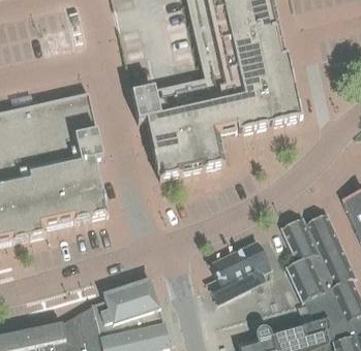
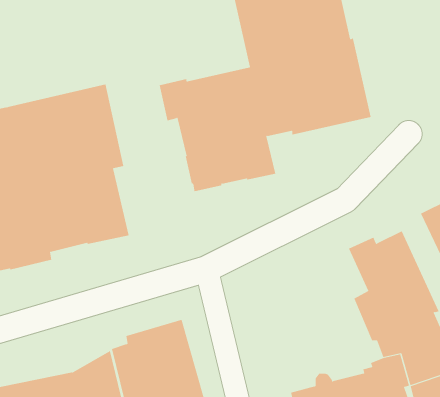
building: [205,242,269,306] -> none

